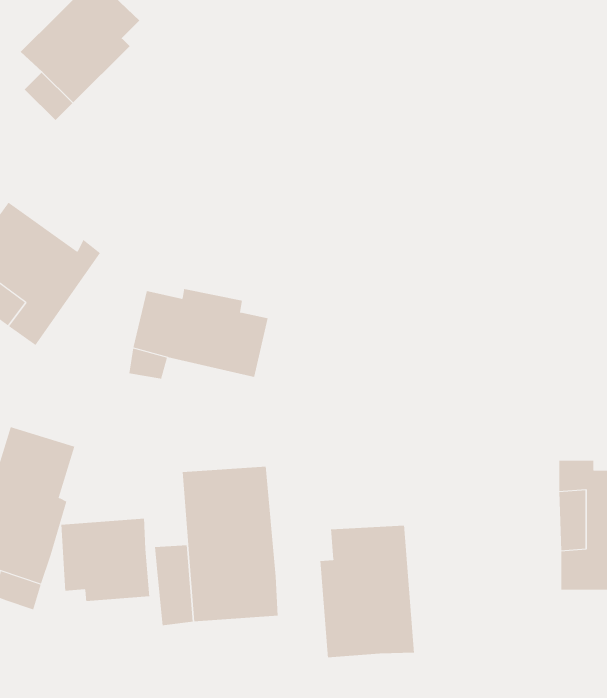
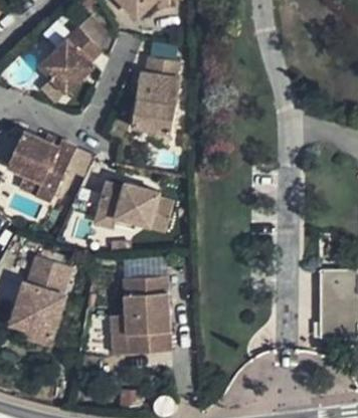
building: none -> [131,47,180,135]
building: [61,518,150,602] -> none
building: [320,525,414,658] -> none

